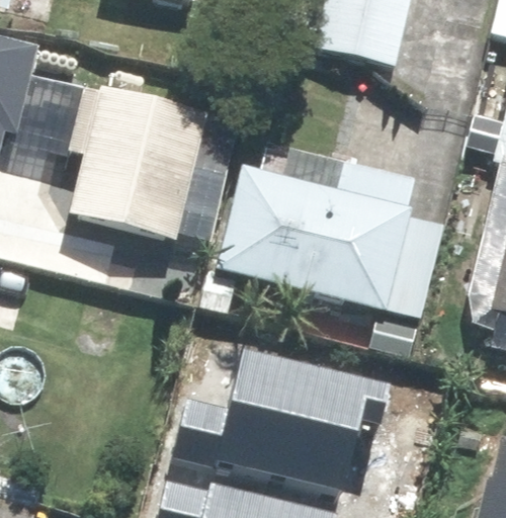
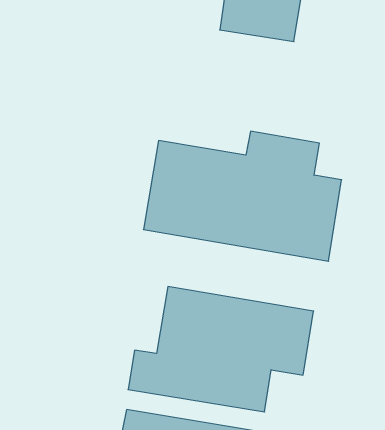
building: [67,88,202,246] -> none

